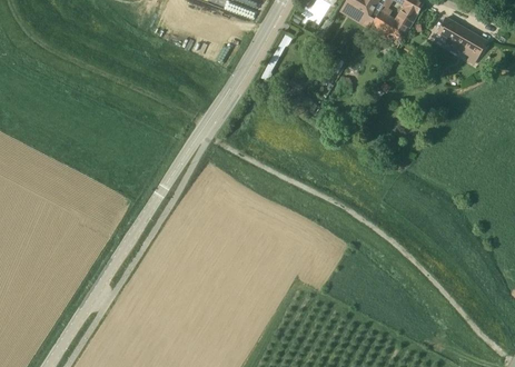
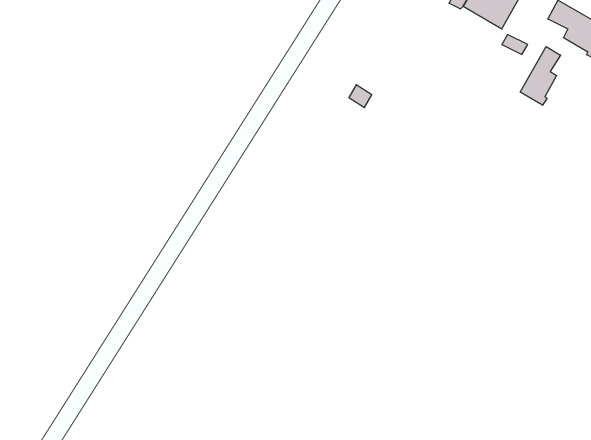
building: none -> [520,47,561,105]

